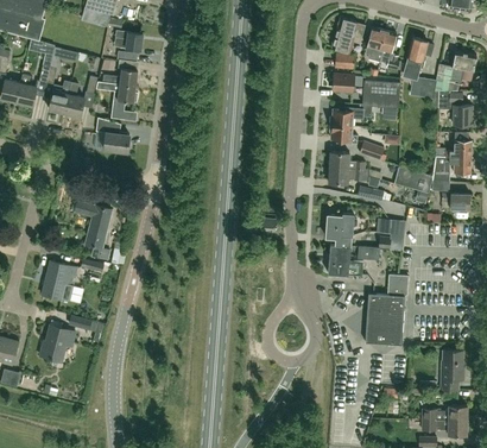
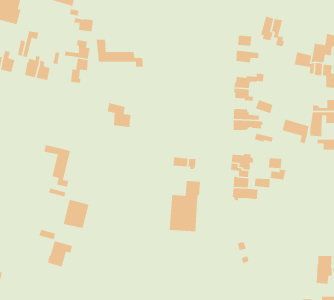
building: [333,18,366,52] -> none
building: [404,38,434,74] -> none
building: none -> [96,39,144,67]
building: [362,80,399,107] -> none
building: [96,118,129,152] -> [107,102,132,128]
building: [42,260,77,301] -> [63,199,89,229]
building: [366,275,409,345] -> [169,180,201,232]
building: [40,324,75,361] -> [47,240,73,268]

